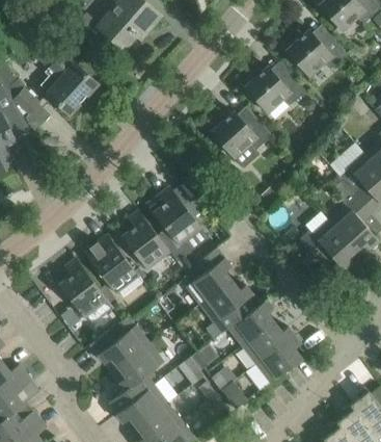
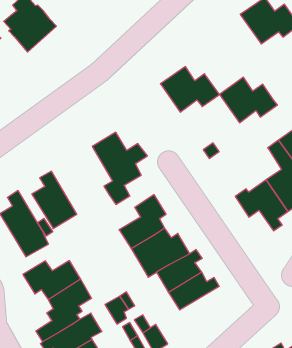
building: [245,66,306,113] -> [219,77,277,123]
building: [123,210,170,269] -> none
building: [256,334,302,382] -> none

